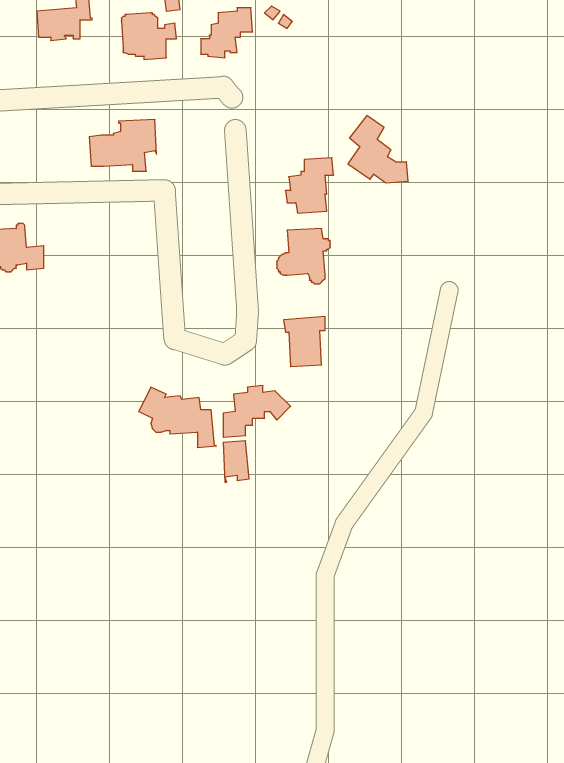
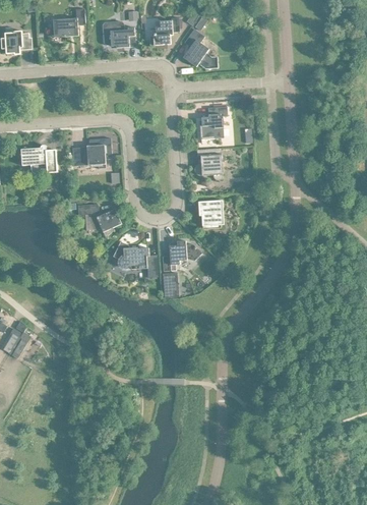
building: [348,115,408,183] -> [182,27,218,67]
building: [89,120,157,171] -> [71,136,111,167]
building: none -> [76,203,120,236]

